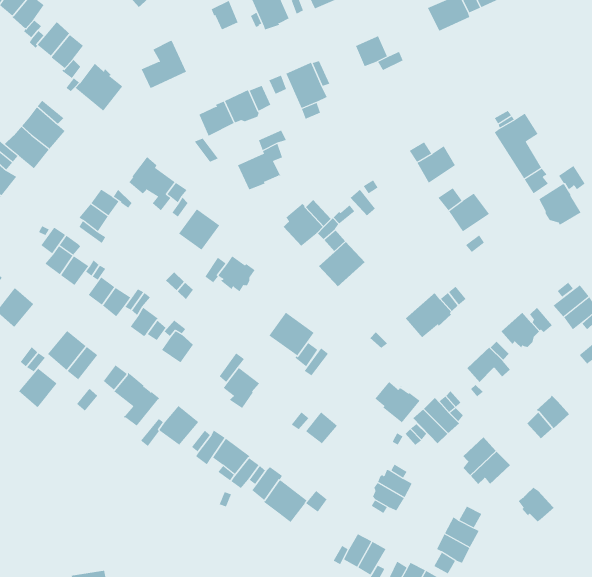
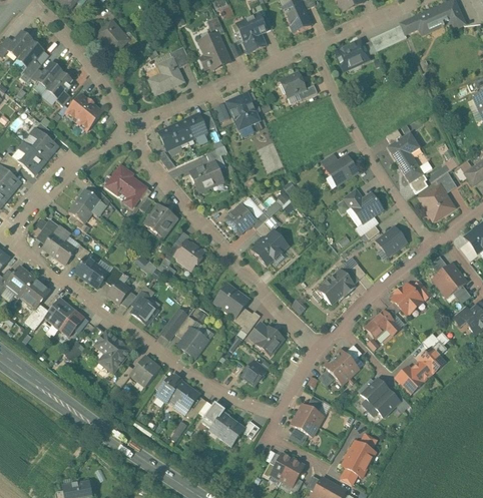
building: [141,40,187,89] -> [148,57,183,94]
building: none -> [376,226,406,256]
building: [18,368,58,408] -> [19,278,49,309]
building: [375,381,420,423] -> [249,323,284,355]
building: [518,487,554,522] -> [395,366,423,393]

